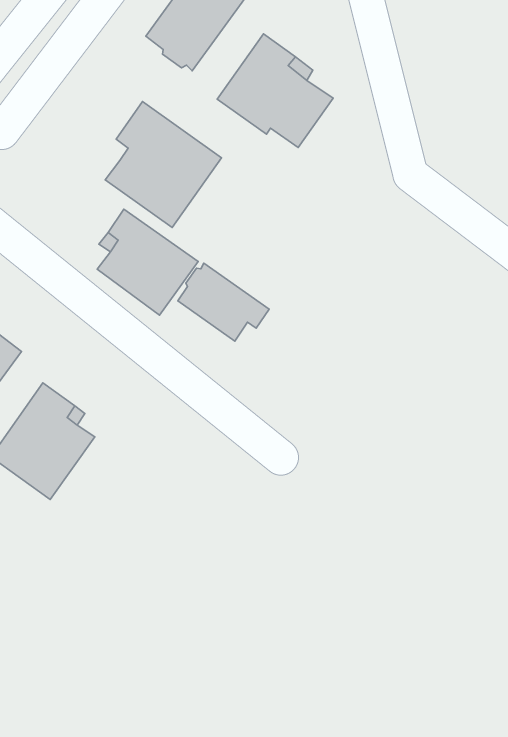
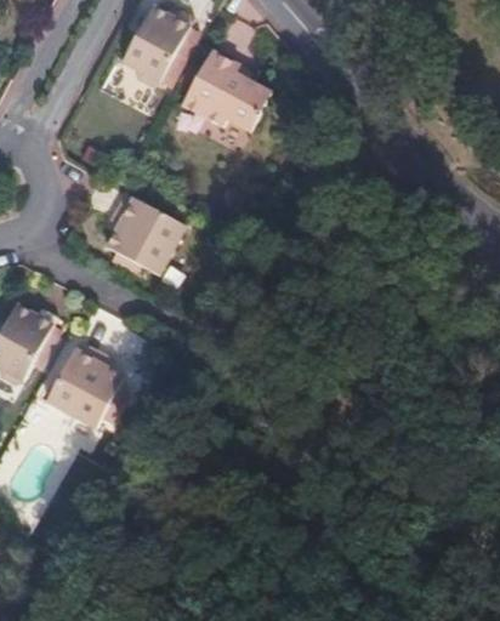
building: [105,101,222,227] -> none
building: [178,263,269,341] -> none

